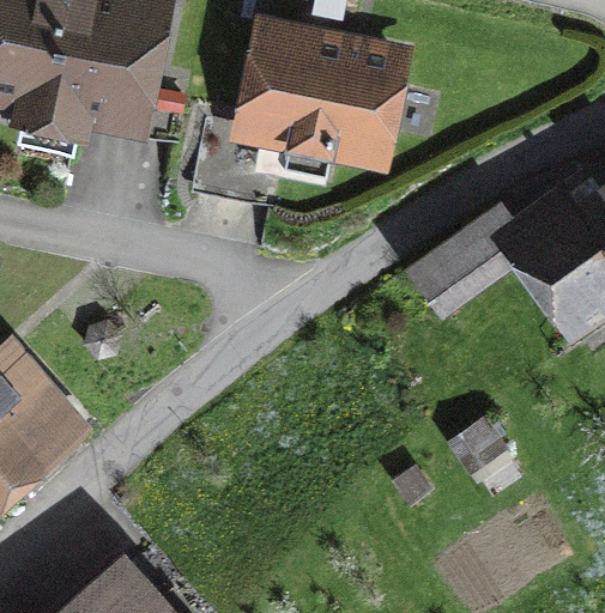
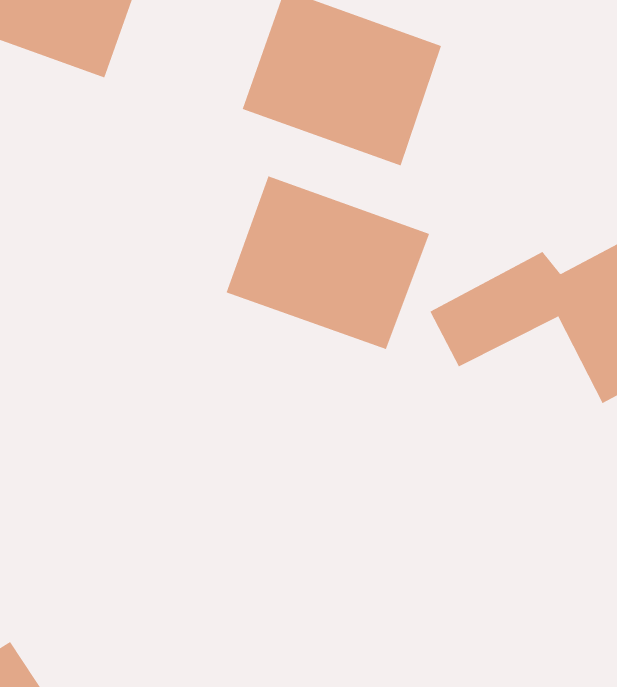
building: none -> [226,175,430,350]

